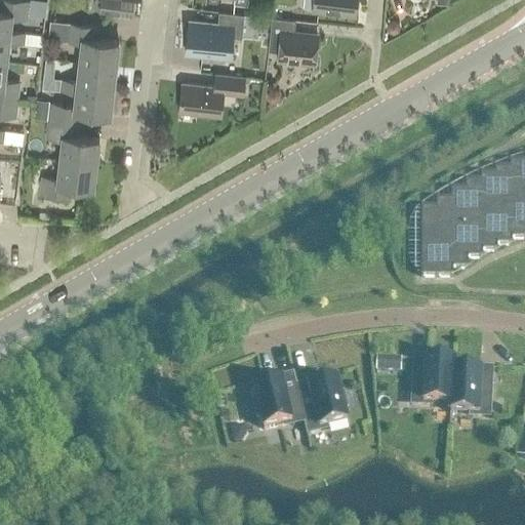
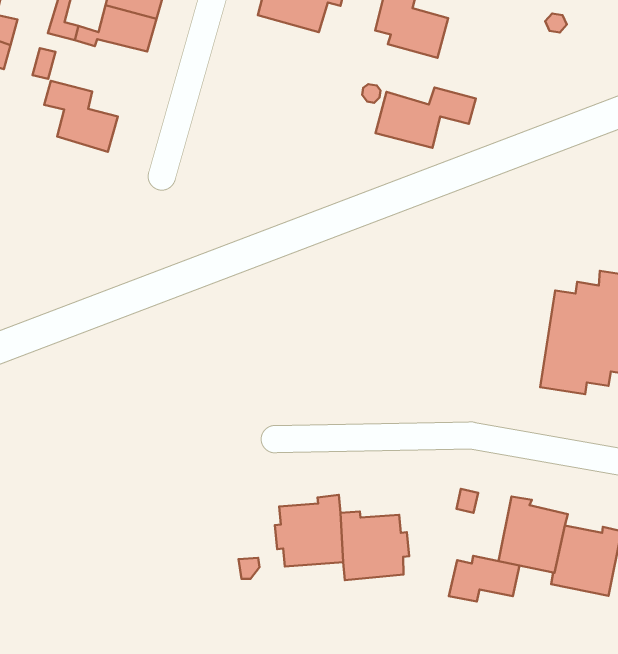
building: [179,70,245,112] -> [376,88,476,148]
building: [49,83,113,120] -> none
building: [41,155,96,194] -> none
building: none -> [449,556,520,601]

